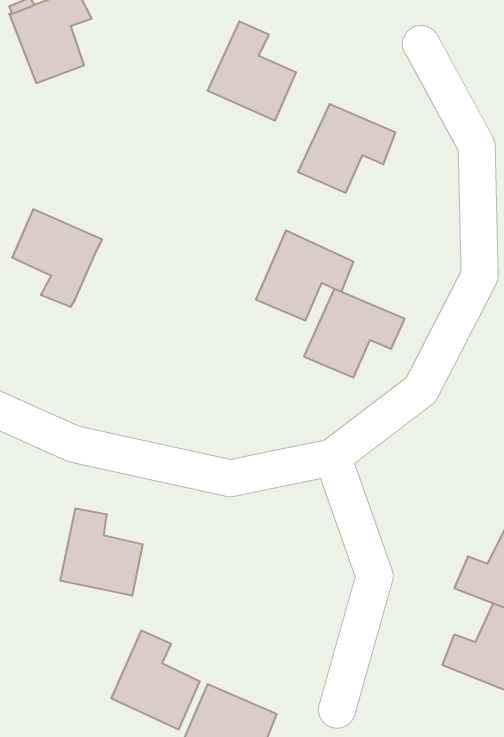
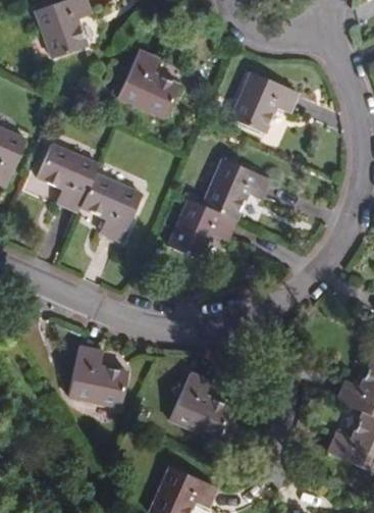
building: [207,21,296,121] -> [119,50,179,117]
building: none -> [81,174,142,241]
building: [304,289,405,377] -> [168,199,236,259]
building: [111,630,200,730] -> [170,372,230,440]

